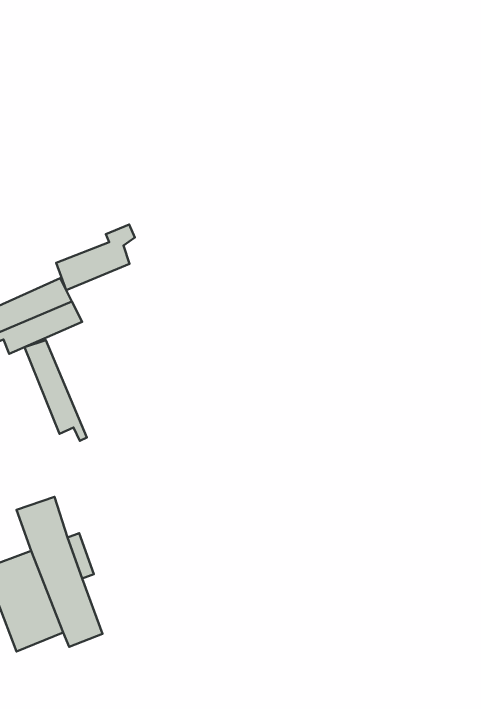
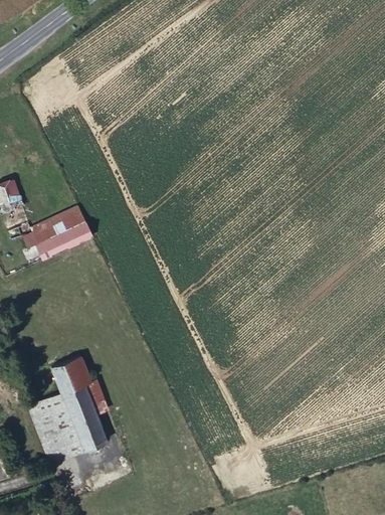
building: [56,225,135,290] -> none
building: [24,340,87,441] -> none

